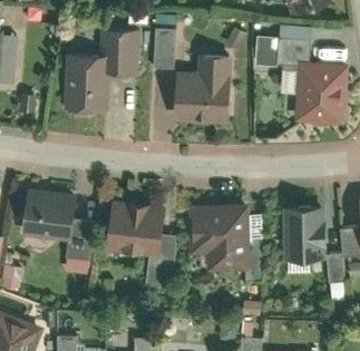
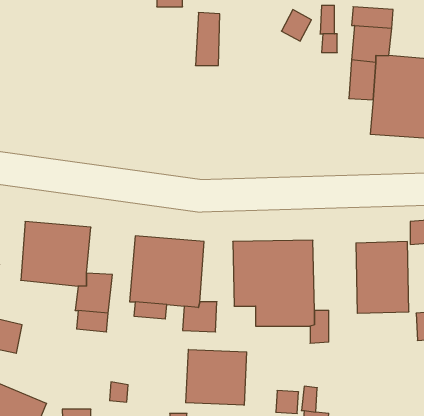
building: [64,27,138,118] -> none
building: [175,51,231,126] -> none
building: none -> [186,349,247,405]

